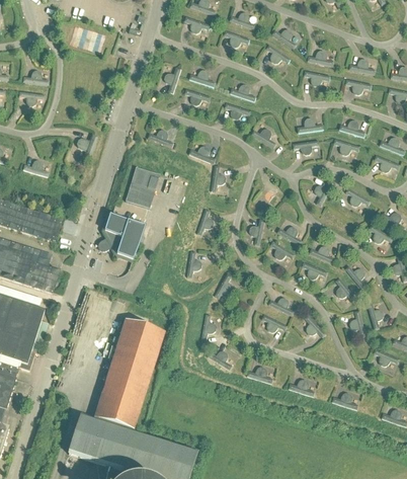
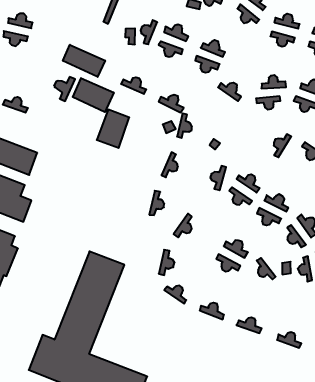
building: none -> [63,45,105,77]
building: none -> [73,78,114,112]
building: [96,211,145,261] -> none

